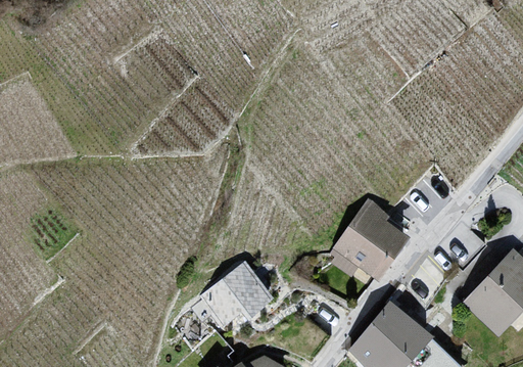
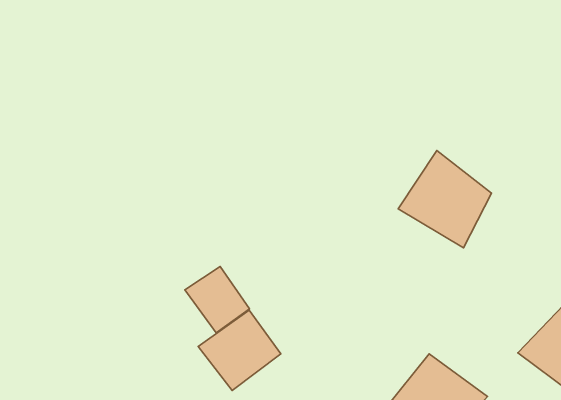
building: [332,200,411,282] -> [398,150,492,248]
building: none -> [185,267,250,333]

